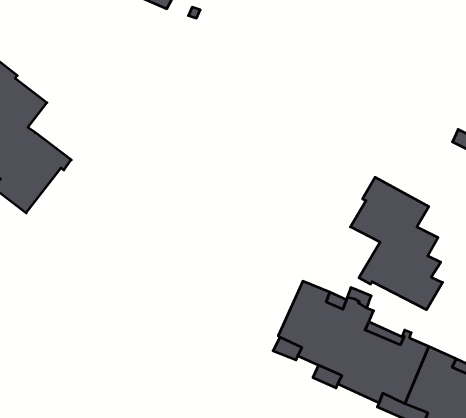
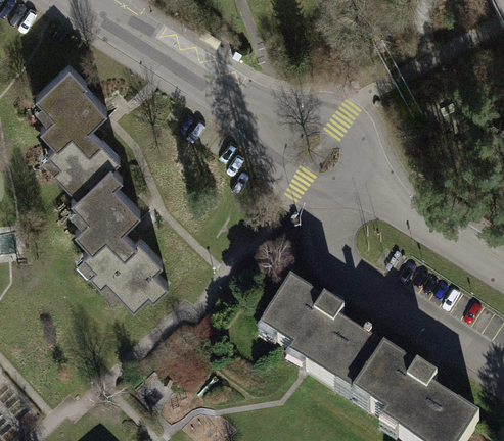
building: none -> [70,155,168,299]
building: [350,177,443,310] -> none

